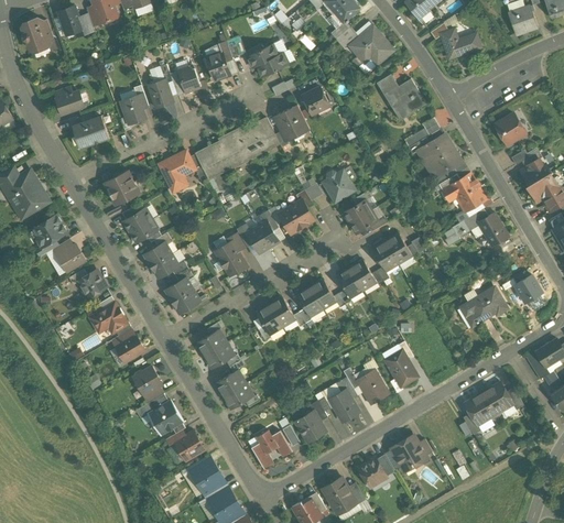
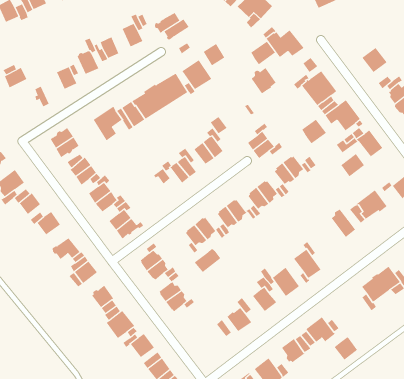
building: none -> [251,41,276,65]
building: [72,119,99,149] -> none
building: [323,170,354,201] -> [251,67,277,94]
building: none -> [301,119,327,144]
building: none -> [340,153,365,177]
building: [216,242,245,274] -> none
building: none -> [331,209,356,238]
building: none -> [194,248,221,273]
building: [250,429,291,468] -> none
building: none -> [334,337,358,360]

